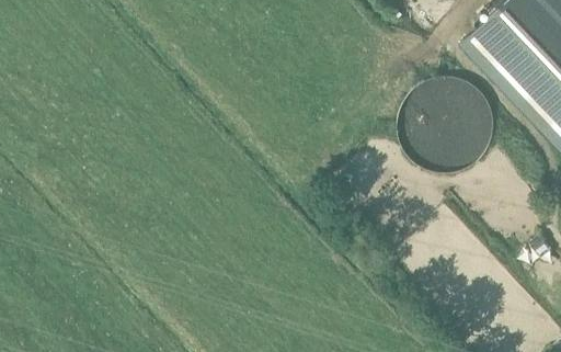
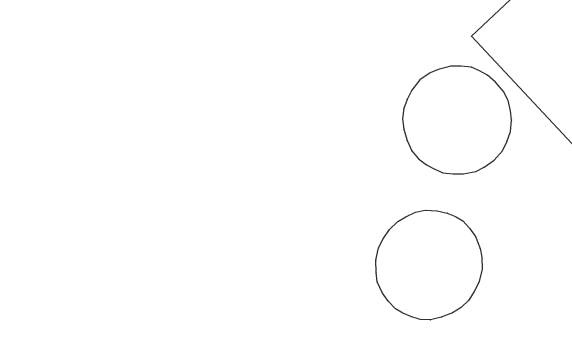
building: none -> [376,210,482,320]

